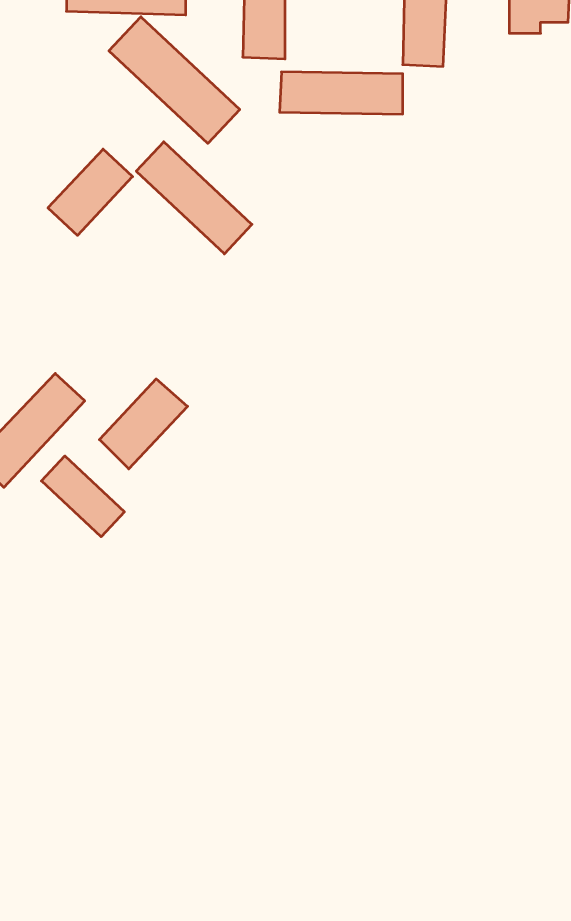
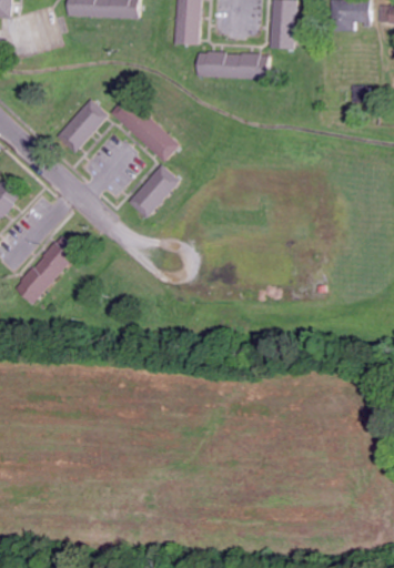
building: [109,17,240,143] -> none
building: [99,379,188,469] -> [125,165,179,220]
building: [41,456,124,537] -> none

